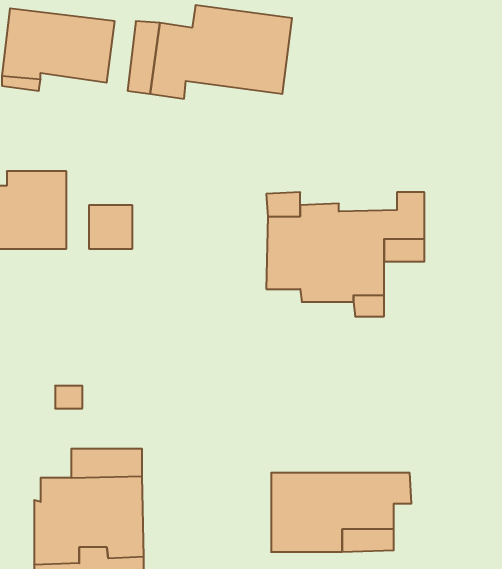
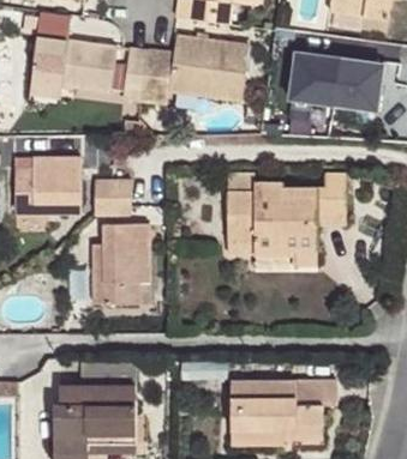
building: none -> [288,48,385,107]
building: none -> [92,227,150,304]

